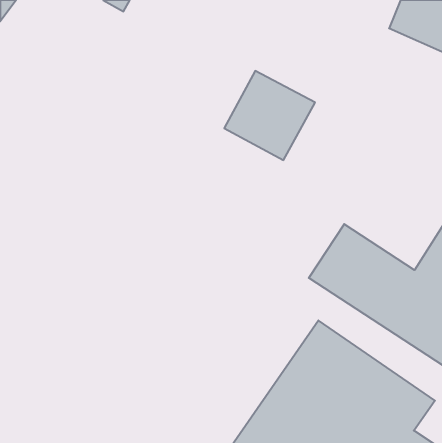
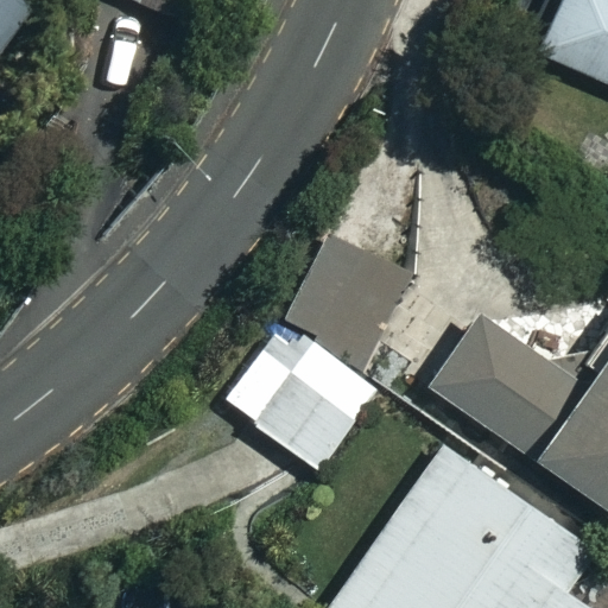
building: [224,71,315,160] -> [294,242,417,362]
building: none -> [222,329,381,480]

